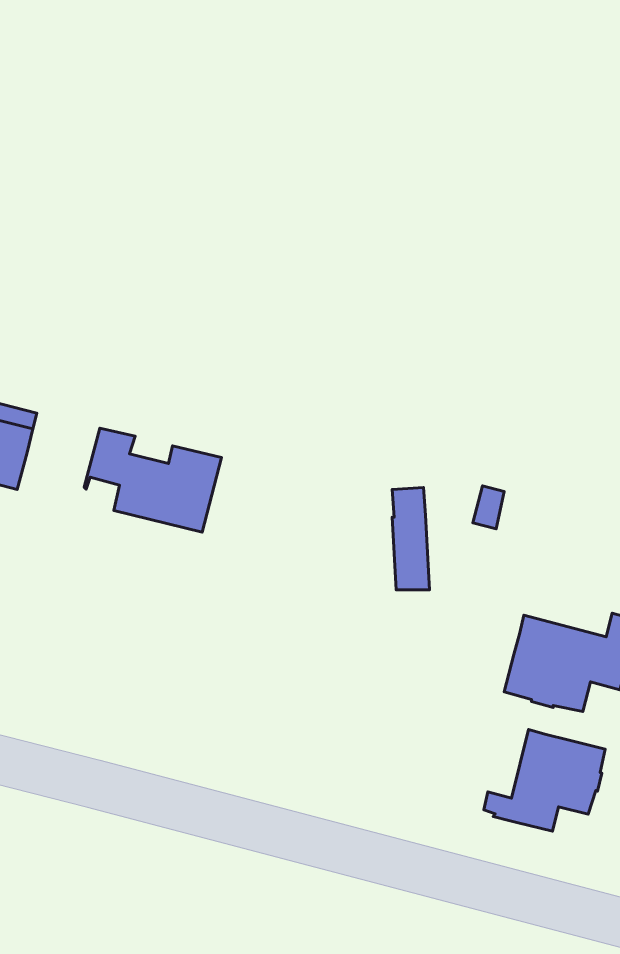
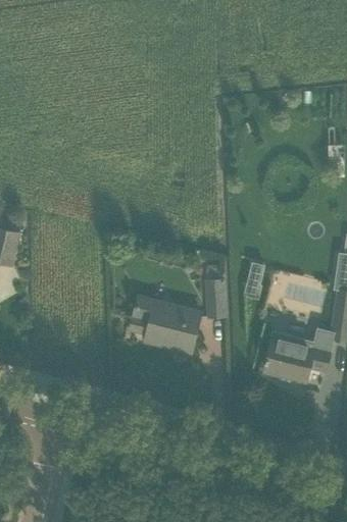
building: [84,428,222,532] -> [130,299,201,353]
building: [484,730,605,831] -> none

